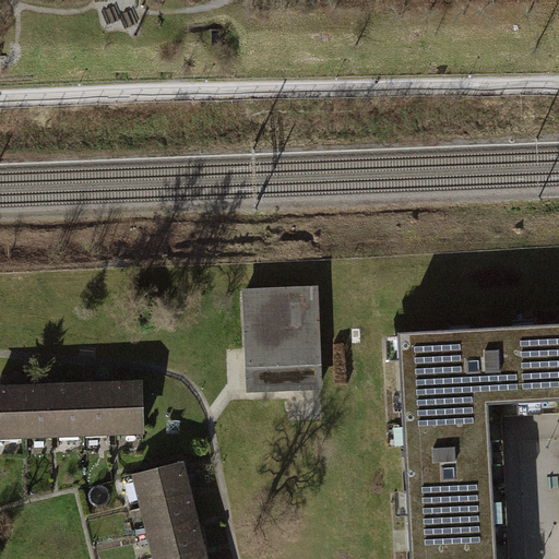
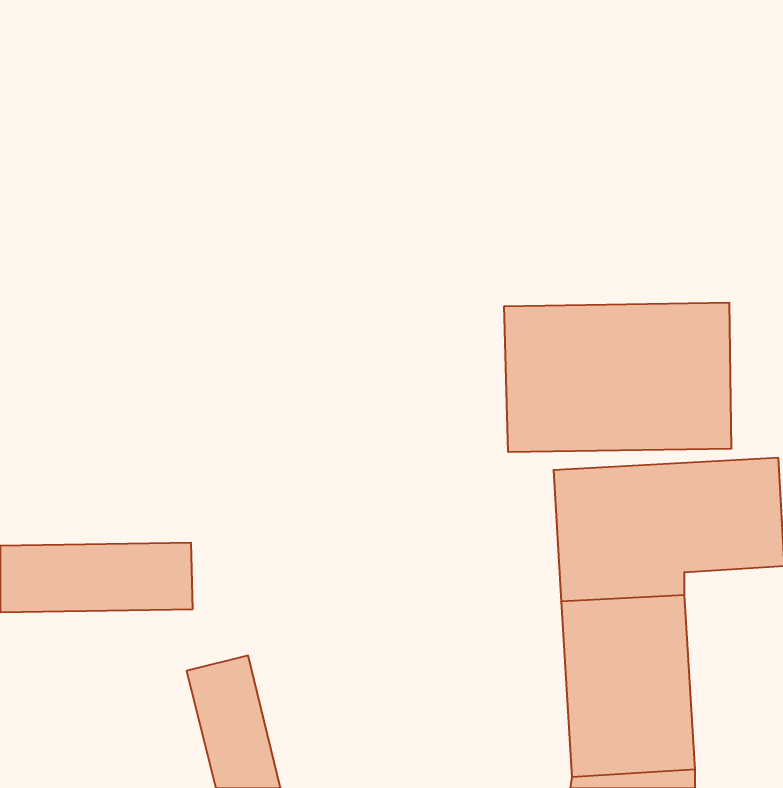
building: none -> [504,303,731,452]
building: [250,290,324,392] -> none

